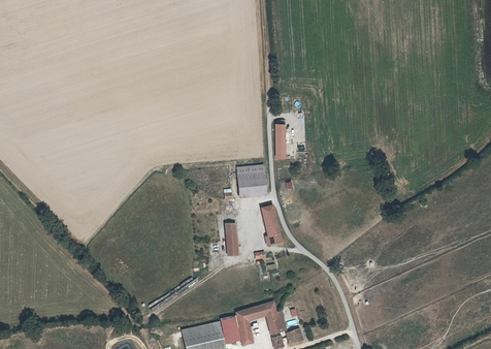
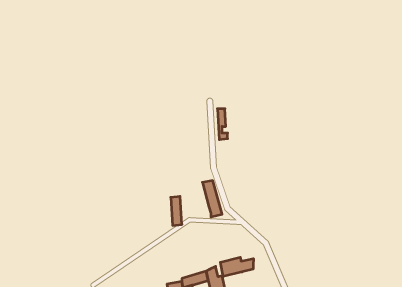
building: [236,165,264,201] -> none
building: none -> [220,257,253,276]

